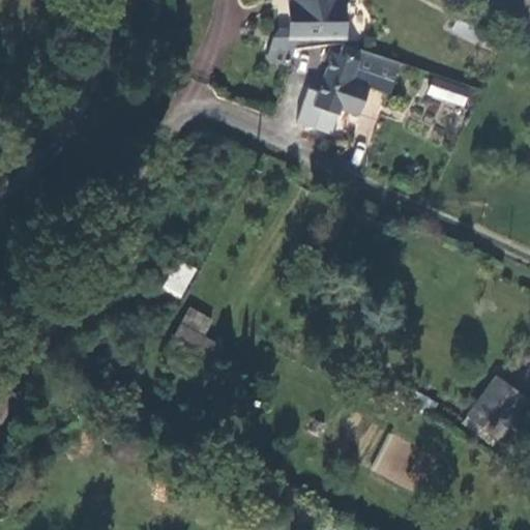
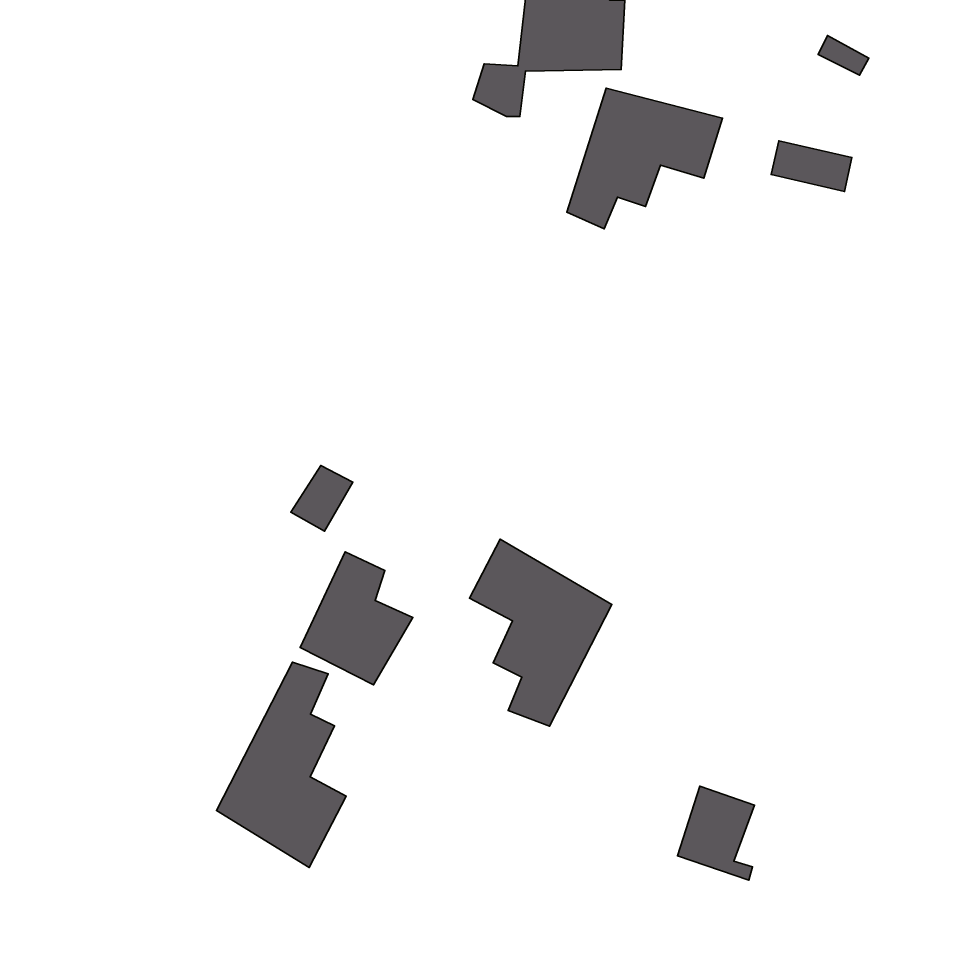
building: none -> [470,539,612,726]
building: none -> [216,662,346,868]
building: [471,381,520,429] -> none

